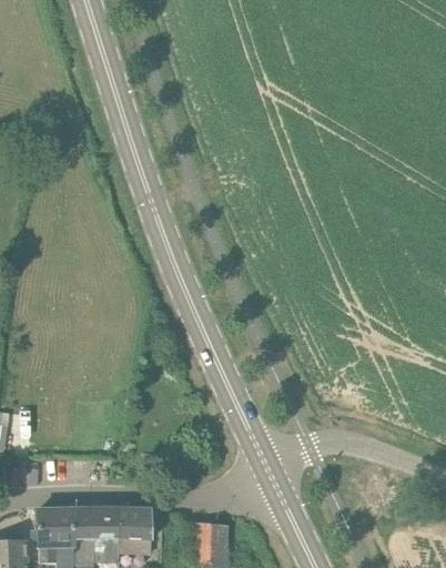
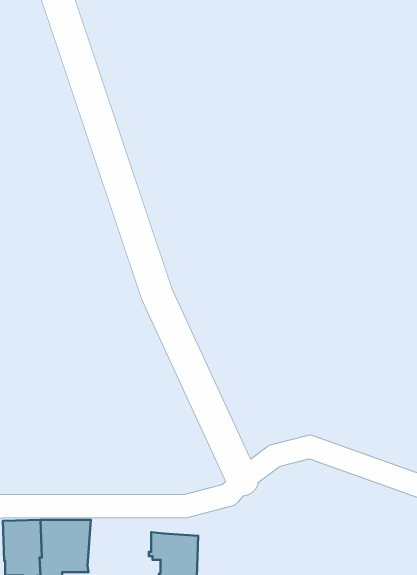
building: [118,509,151,555] -> none

